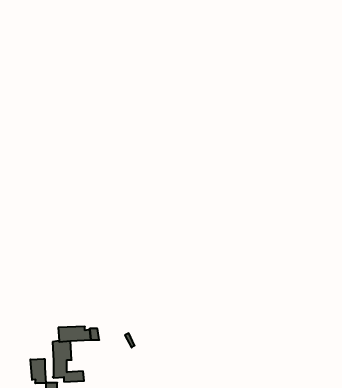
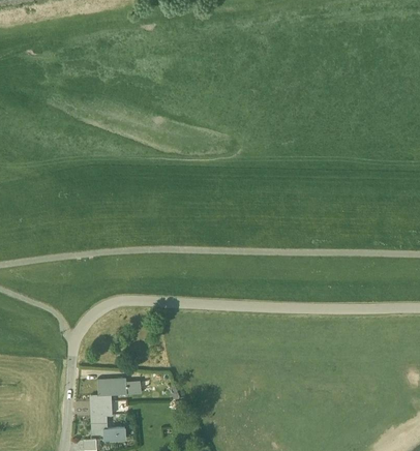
building: [30,359,46,383] -> none

